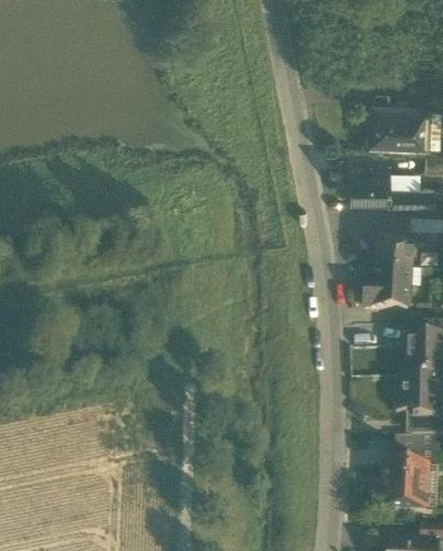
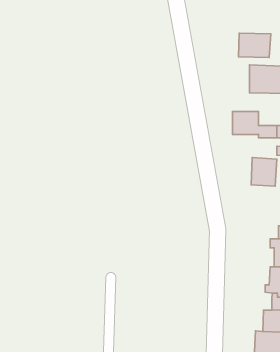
building: none -> [239,33,271,58]
building: [366,269,412,311] -> none

